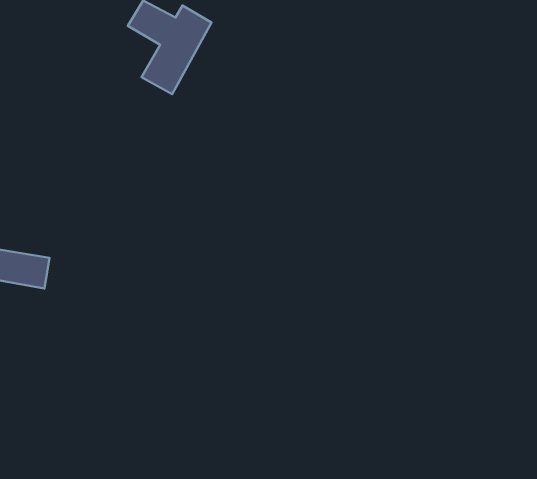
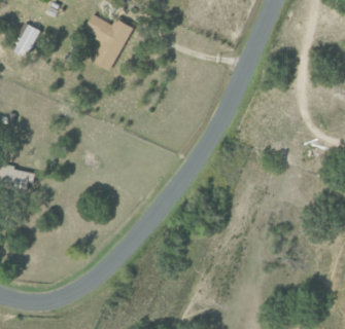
building: none -> [13,22,39,59]

